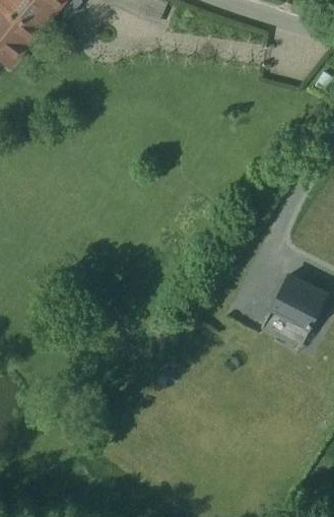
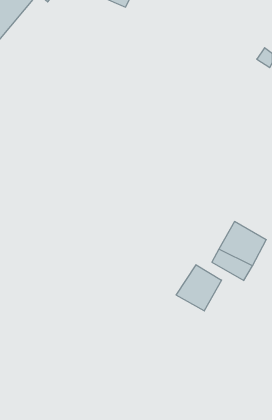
building: none -> [176,265,222,311]

